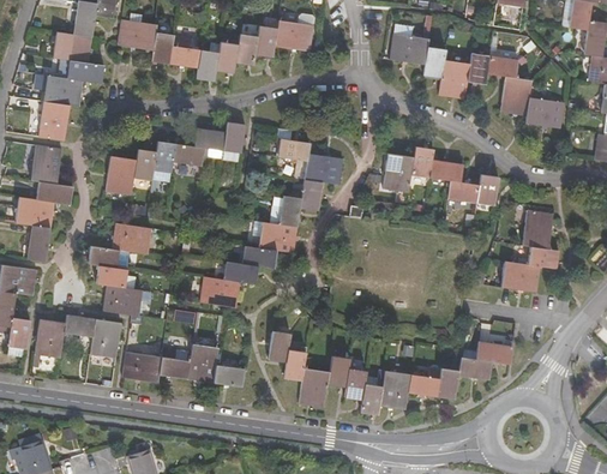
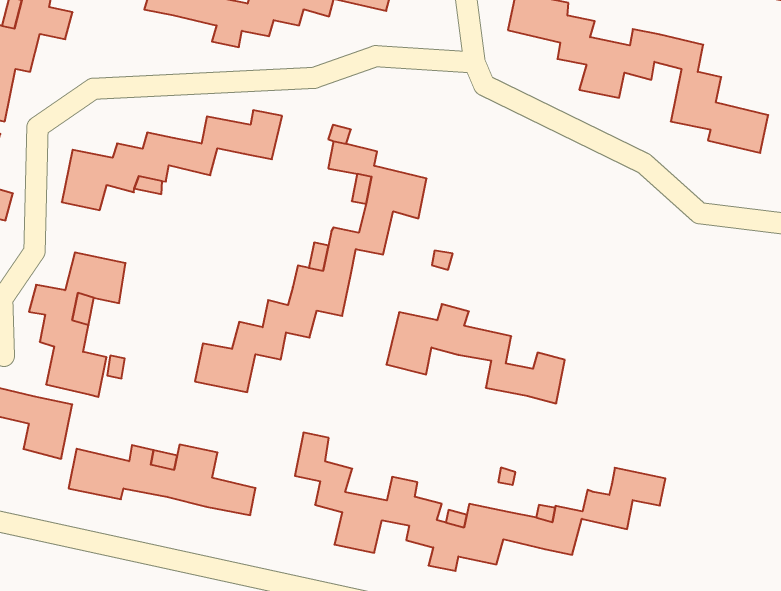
building: [383,145,499,205] -> [386,304,565,403]
building: [501,209,559,290] -> none

